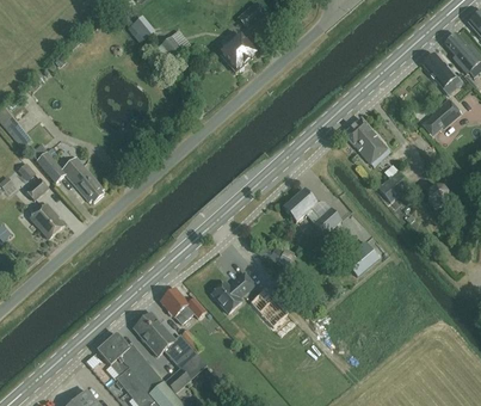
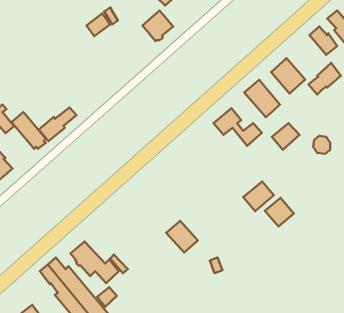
building: none -> [271,58,305,94]
building: none -> [39,107,77,141]
building: [283,189,341,234] -> [214,108,262,146]
building: none -> [265,198,294,226]
building: [211,272,255,313] -> none
building: [160,288,205,322] -> none

